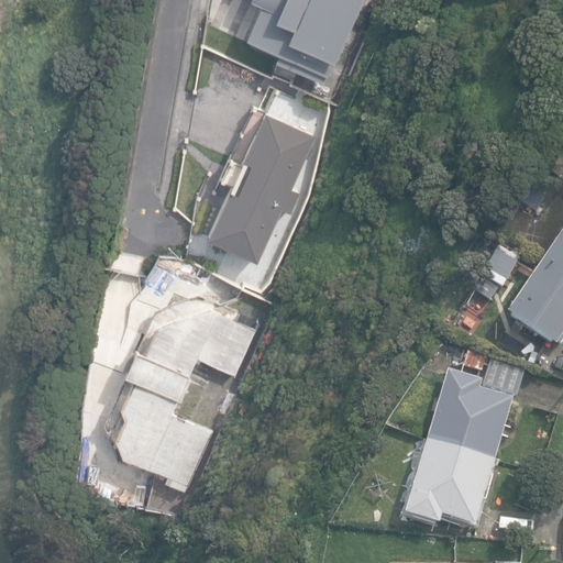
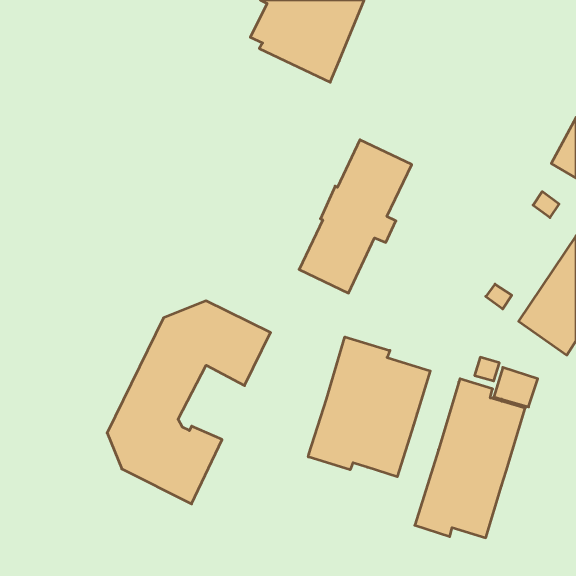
building: [206,110,316,260] -> [299,140,412,293]
building: none -> [308,337,430,477]

